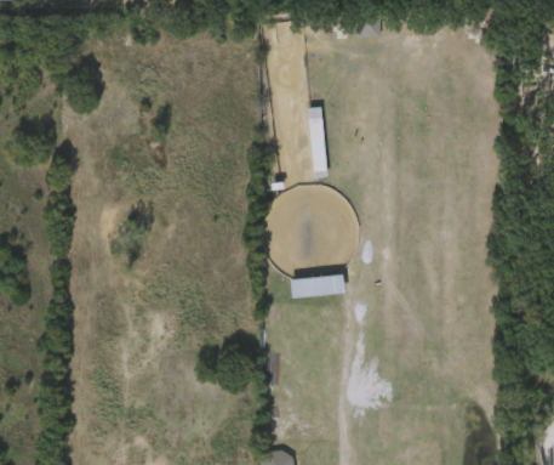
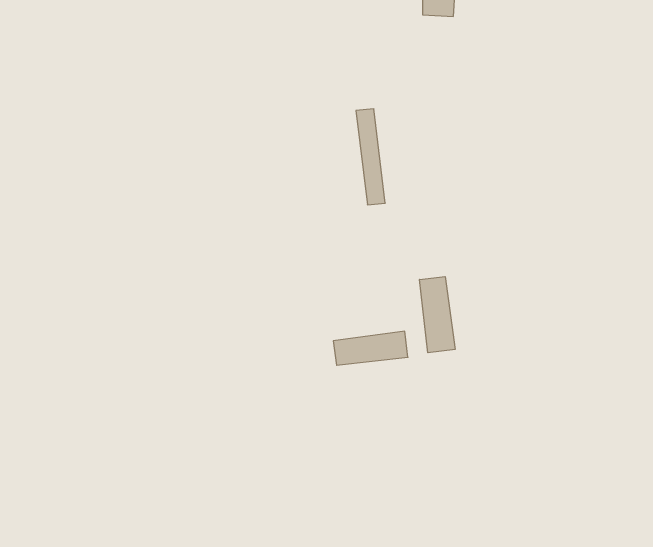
building: none -> [420,277,455,353]

